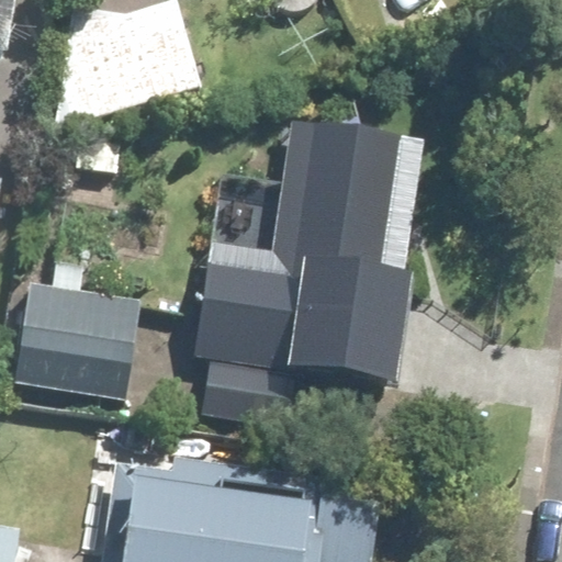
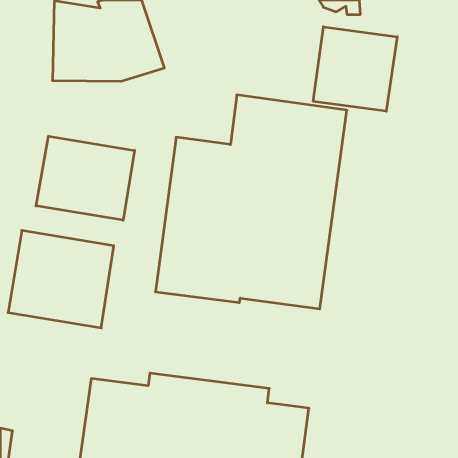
building: none -> [313,27,397,111]
building: none -> [36,136,135,220]

